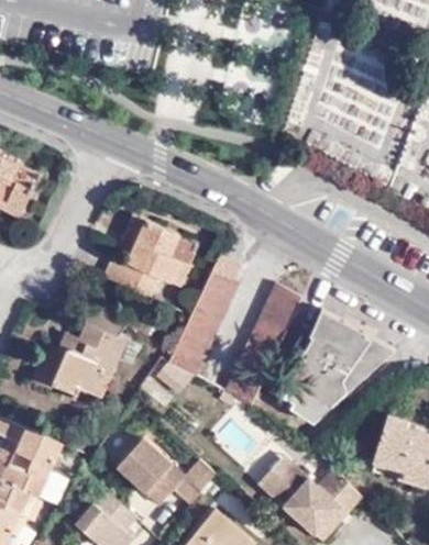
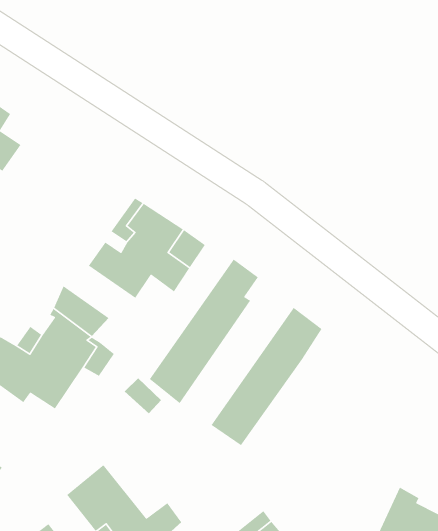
building: [285,313,398,423] -> none

